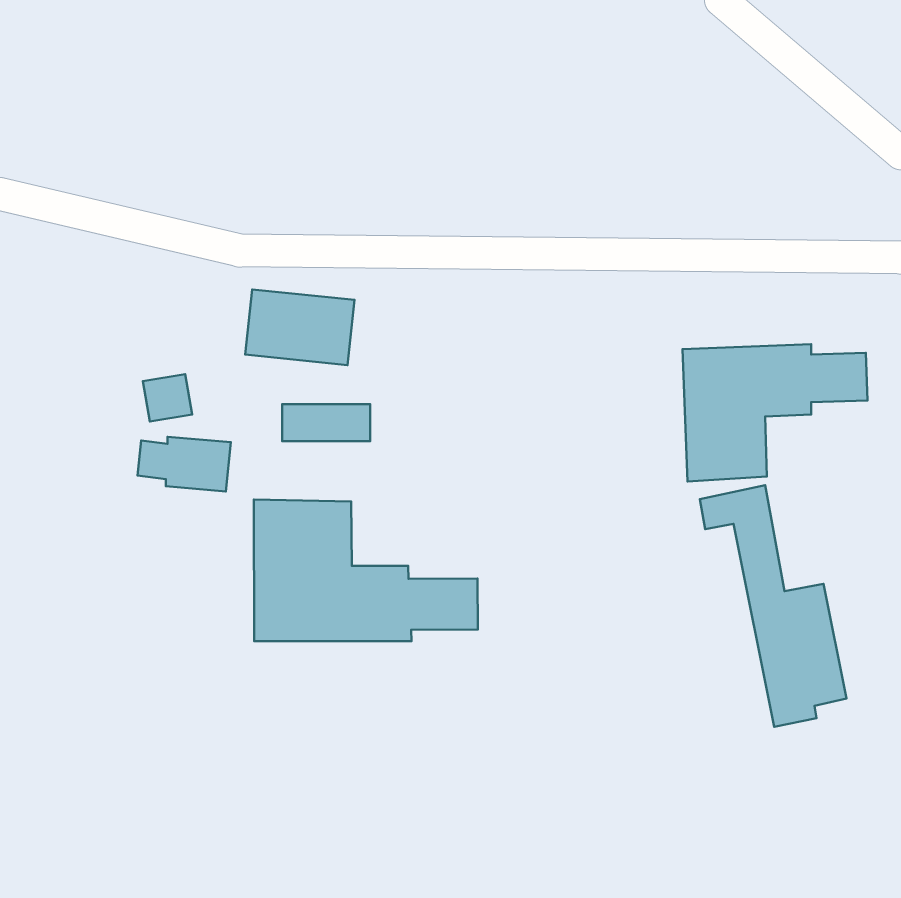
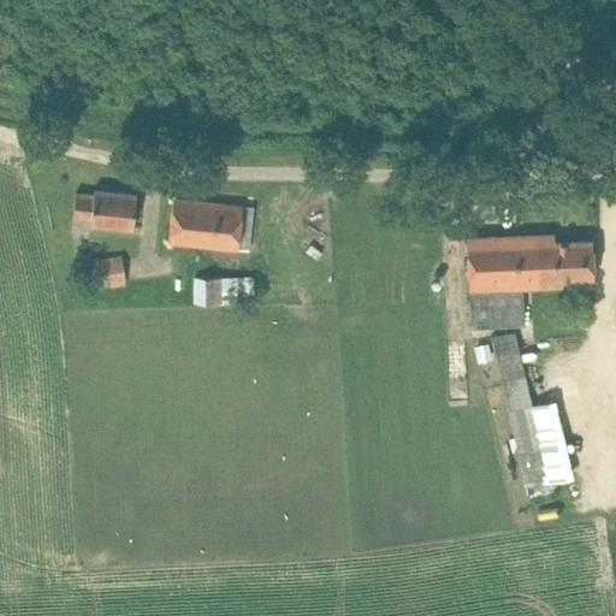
building: [138,437,231,492] -> [72,192,136,230]
building: [254,499,478,641] -> none

